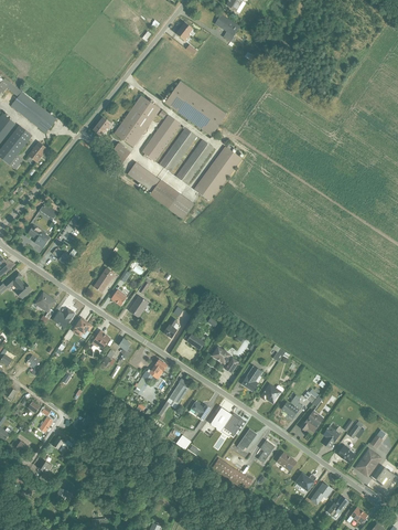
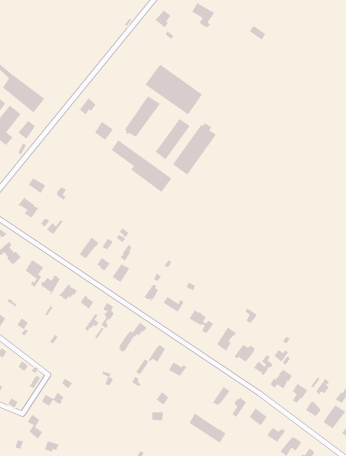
building: [112,95,160,147] -> none
building: [158,127,196,172] -> none
building: [209,406,244,436] -> none

